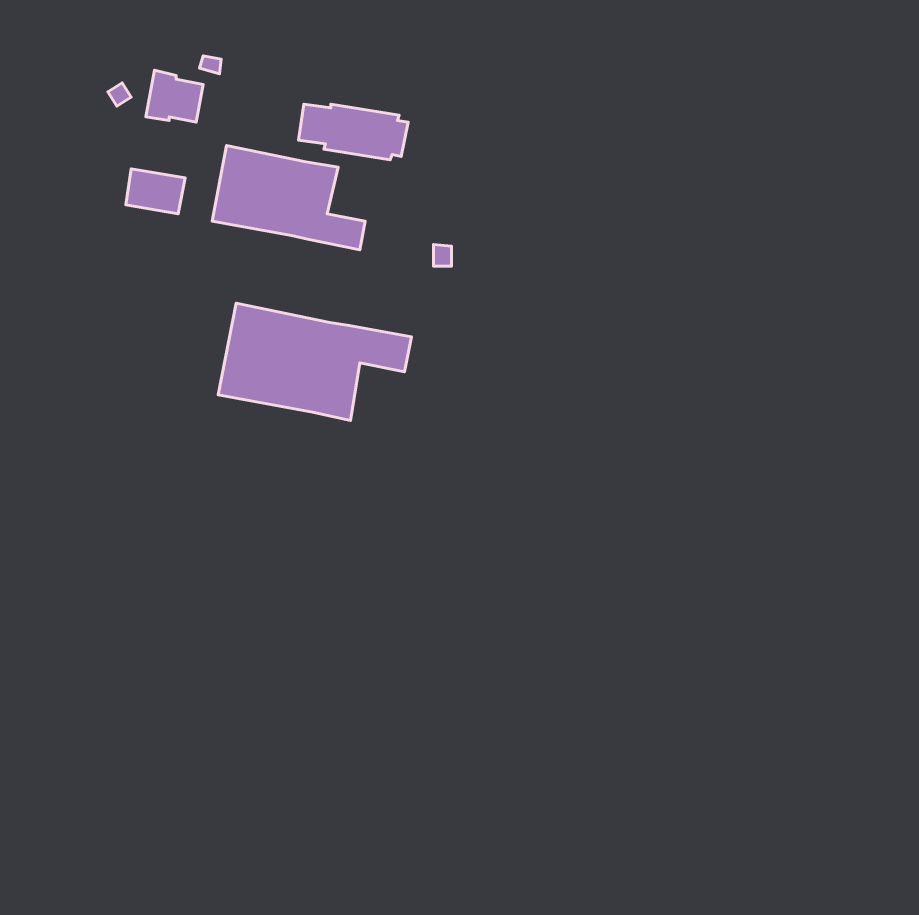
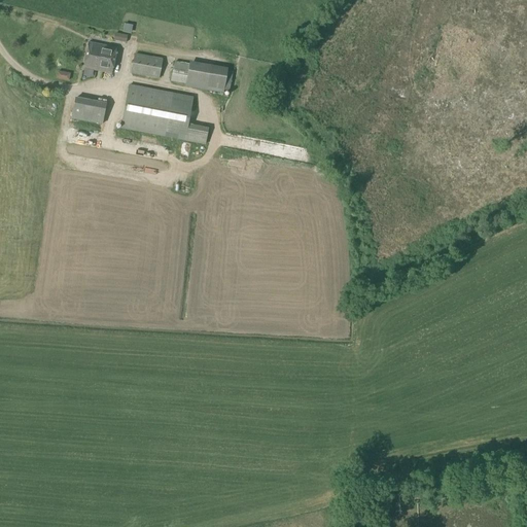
building: none -> [132,52,162,77]
building: [218,303,412,421] -> none

